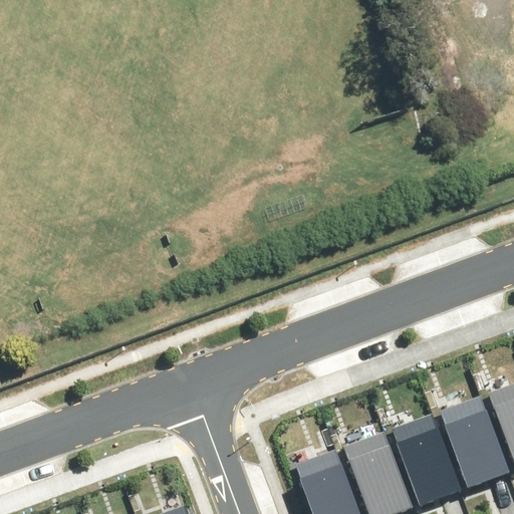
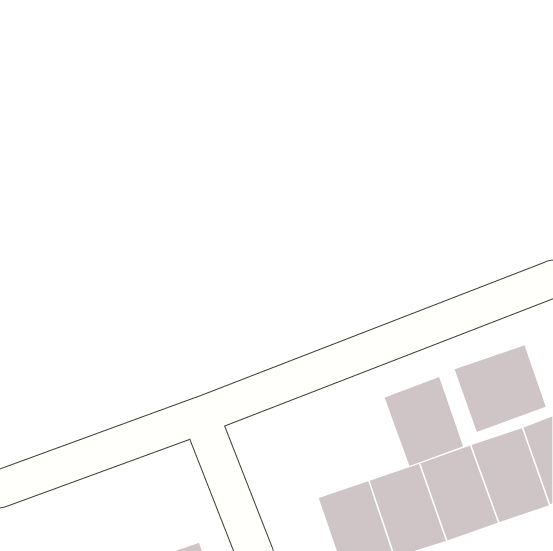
building: none -> [454,344,547,433]
building: none -> [384,376,464,467]

